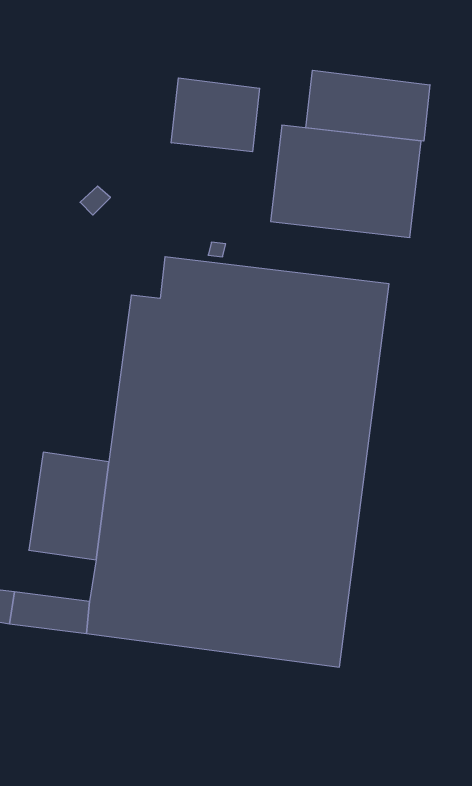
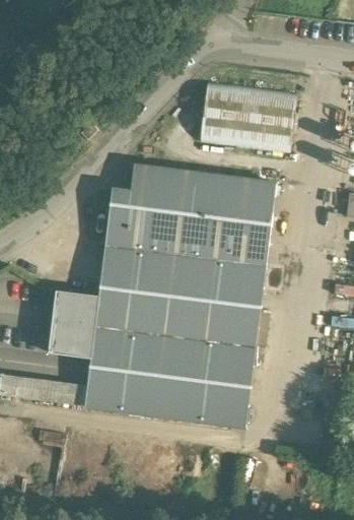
building: [306,70,430,141] -> none
building: [171,78,260,152] -> none

